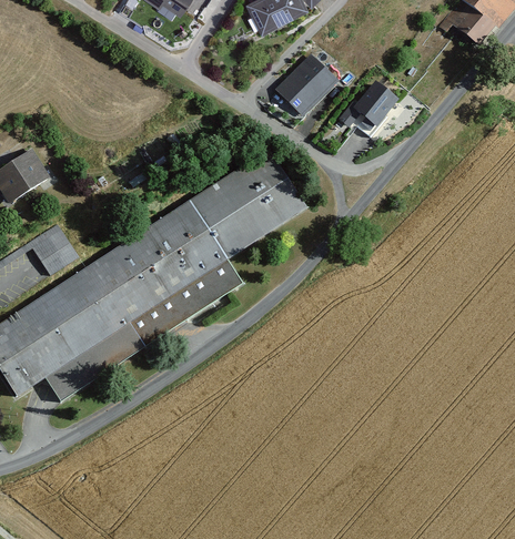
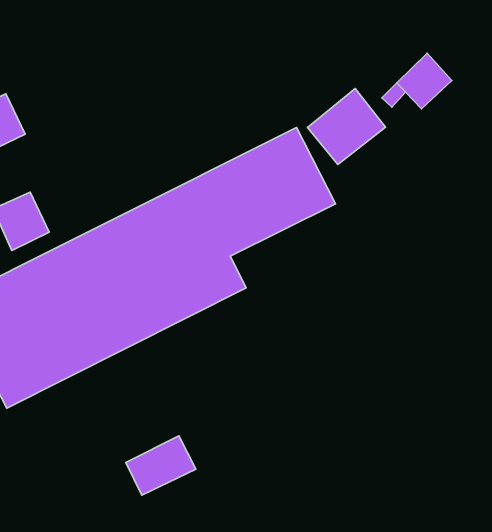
building: [272,50,335,113] -> [308,88,386,165]
building: none -> [126,436,196,495]

